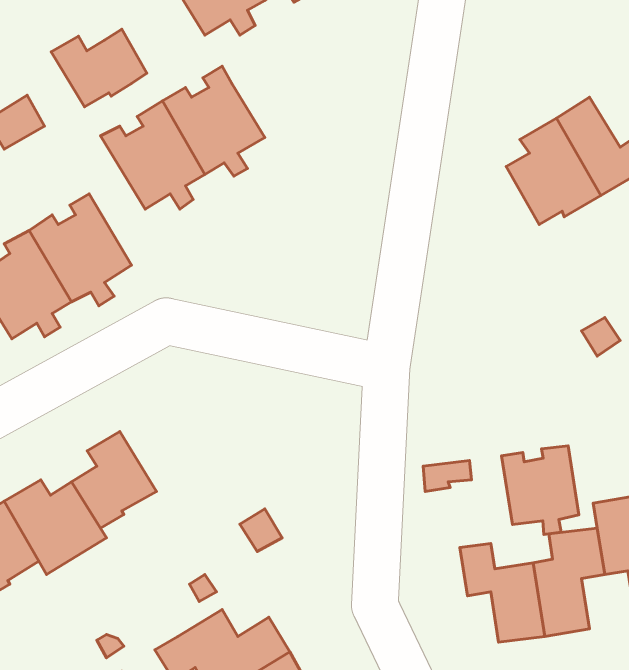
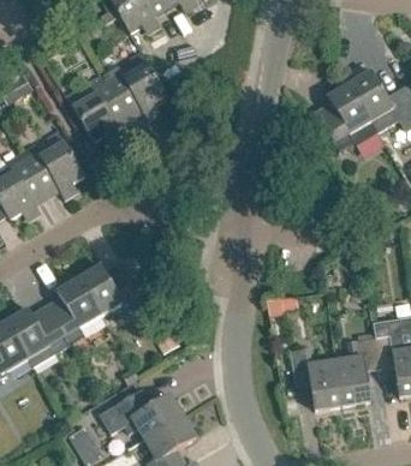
building: [51,29,147,107] -> none
building: none -> [78,265,138,316]
building: [502,446,579,535] -> none

